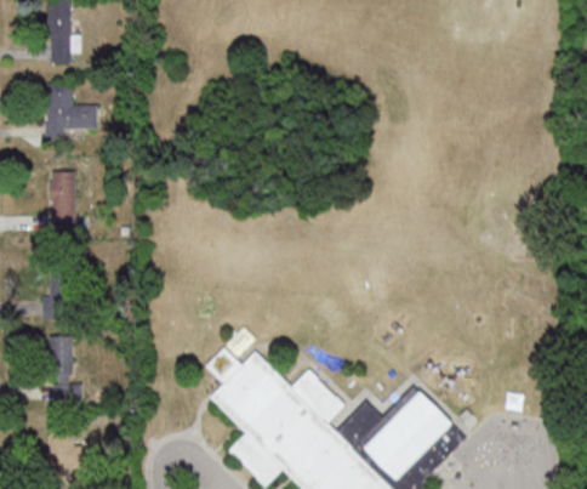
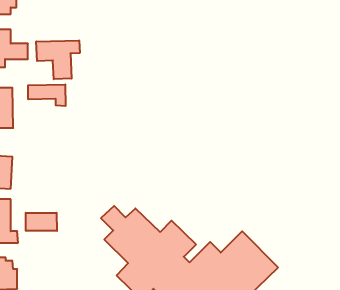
building: none -> [36,40,80,79]
building: none -> [28,84,66,106]
building: none -> [26,213,57,231]

